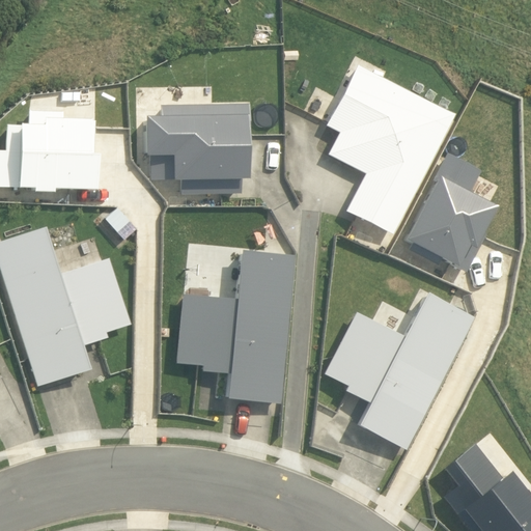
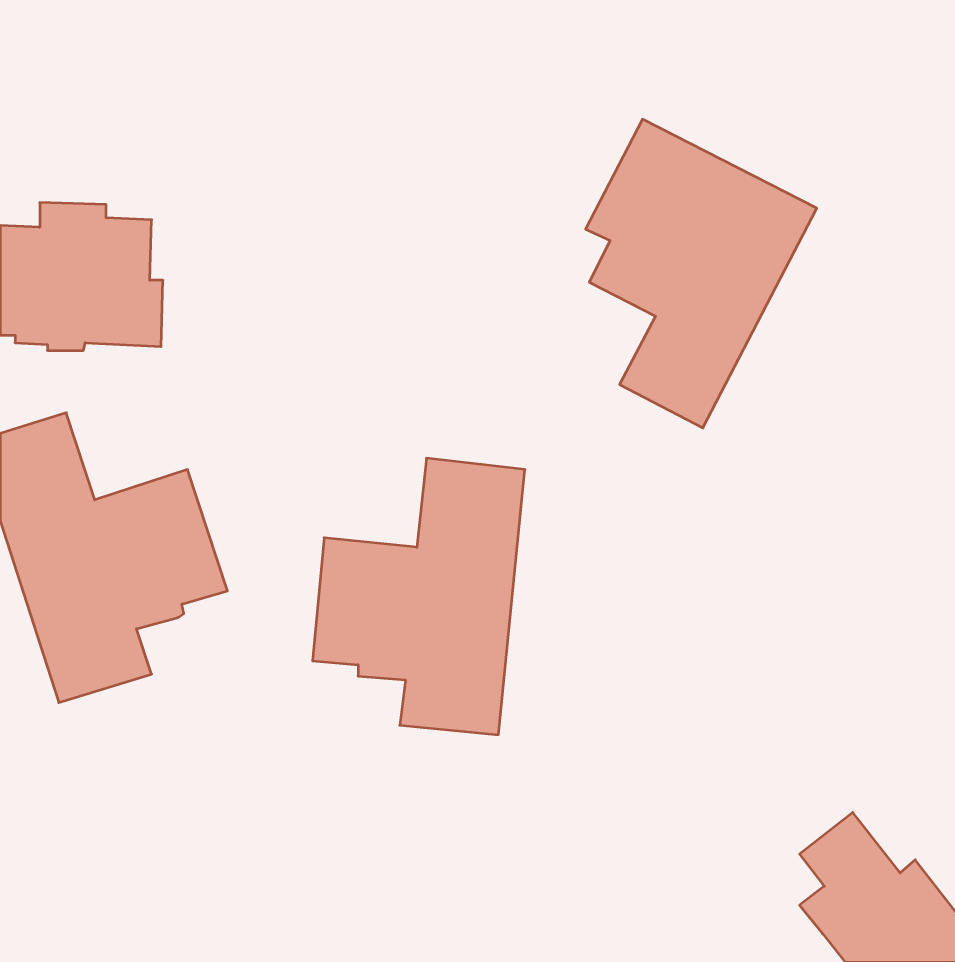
building: [145,104,251,191] -> none
building: [402,152,496,267] -> none
building: [326,292,474,449] -> none

